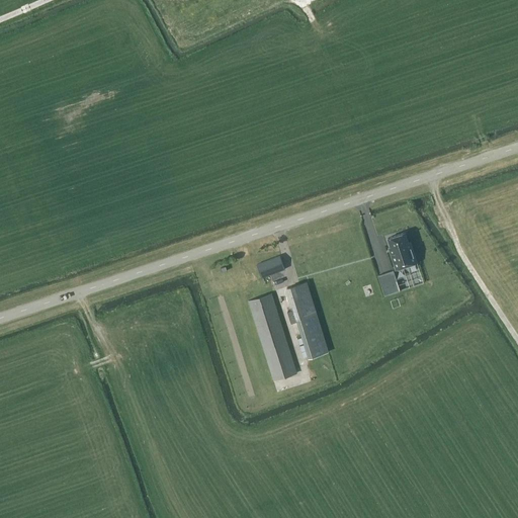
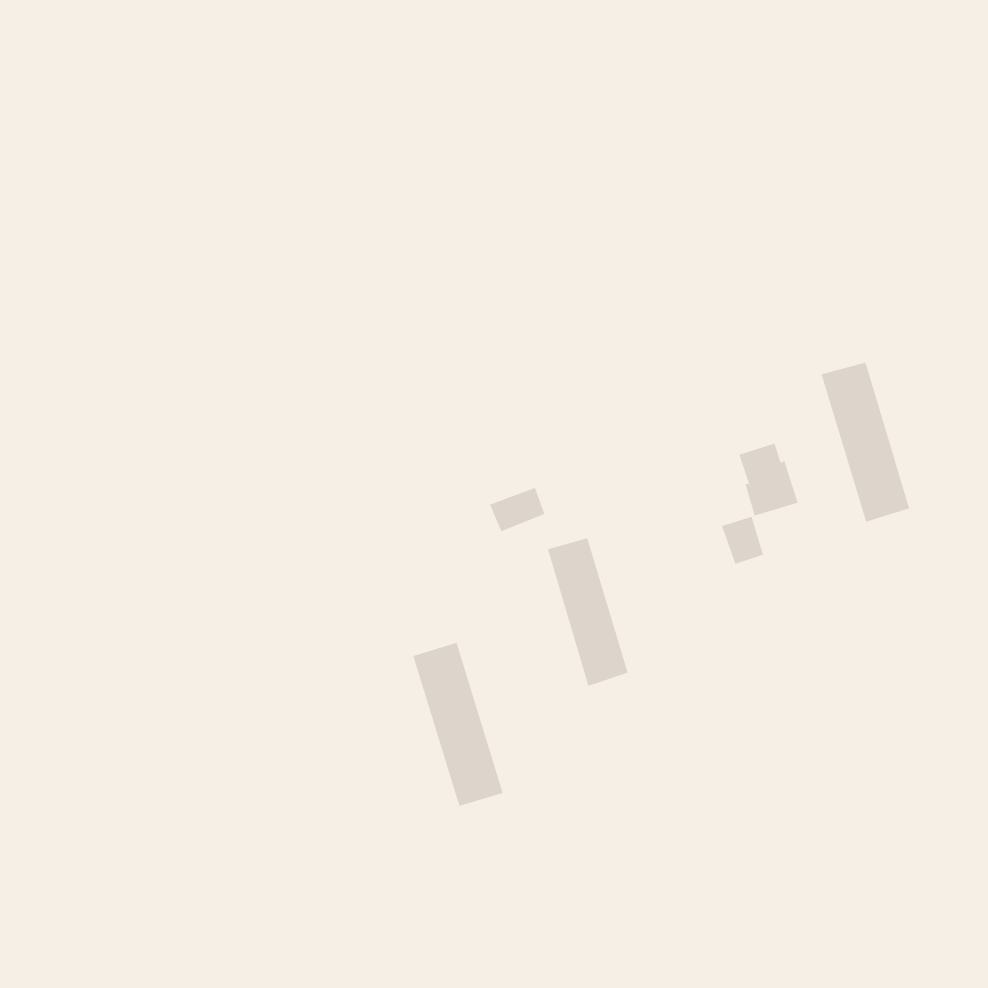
building: none -> [821,362,910,522]
building: [248,294,295,380] -> [413,642,503,807]

